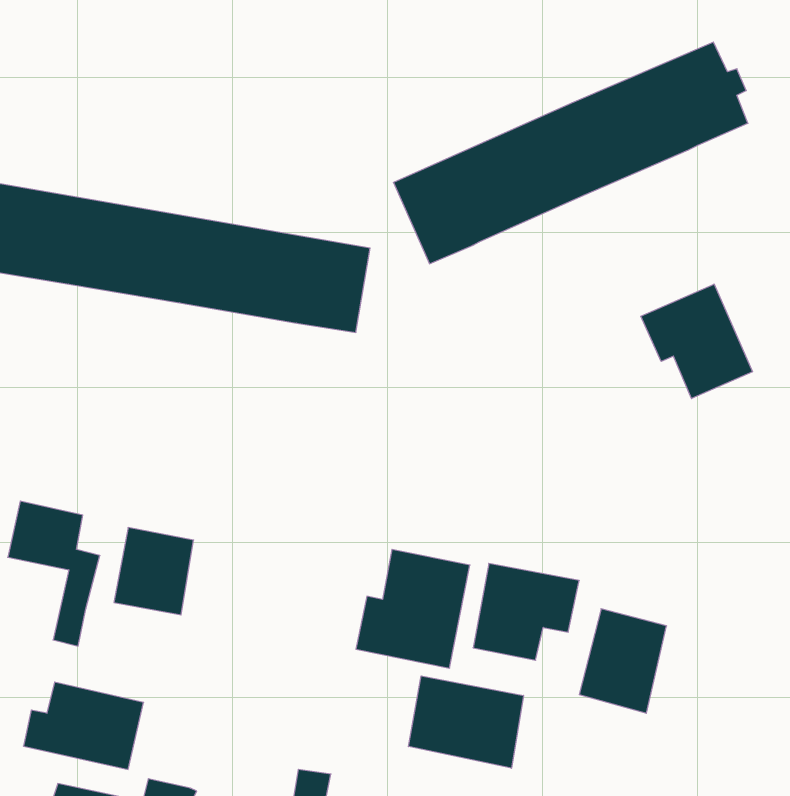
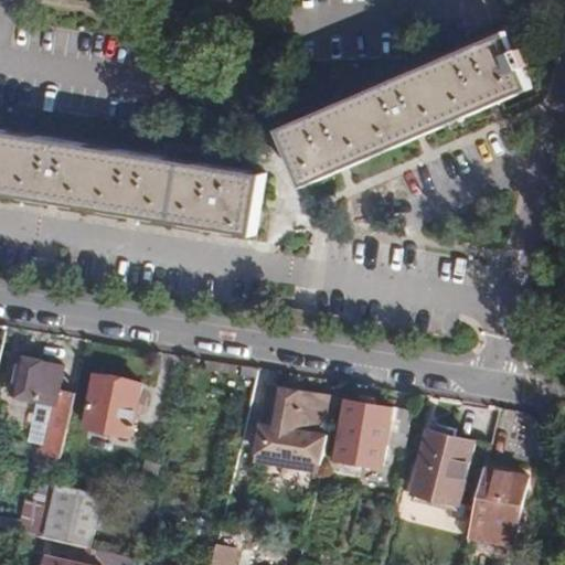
building: [641,284,753,399] -> none
building: none -> [467,467,525,546]
building: [408,676,523,768] -> none

